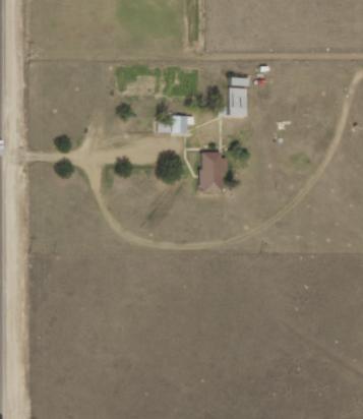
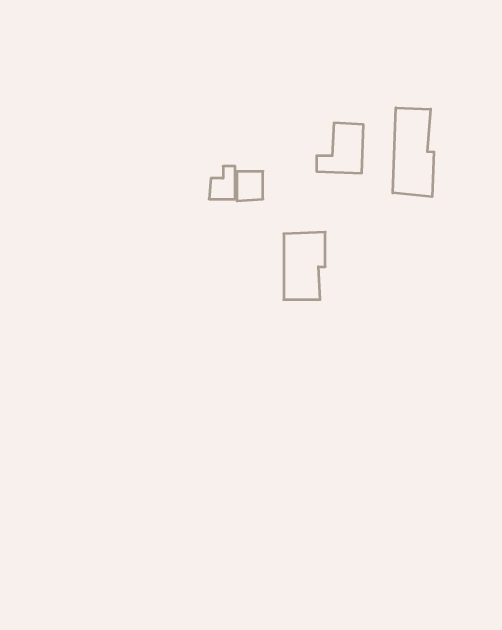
building: none -> [393,108,434,197]

